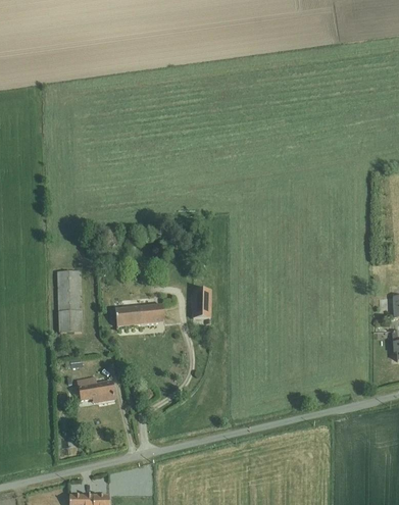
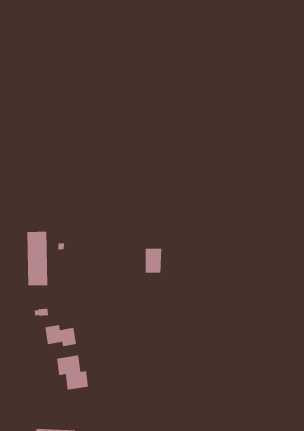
building: [114,302,164,325] -> none
building: none -> [56,354,88,390]

